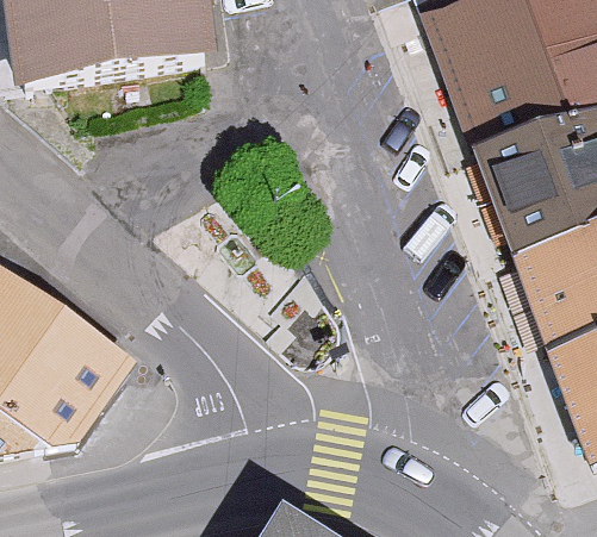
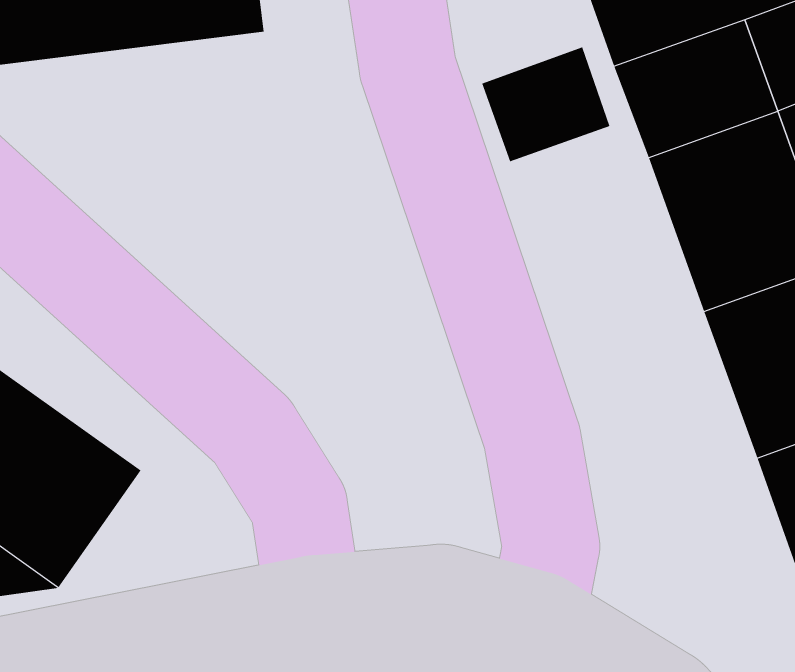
building: none -> [481,46,610,162]

